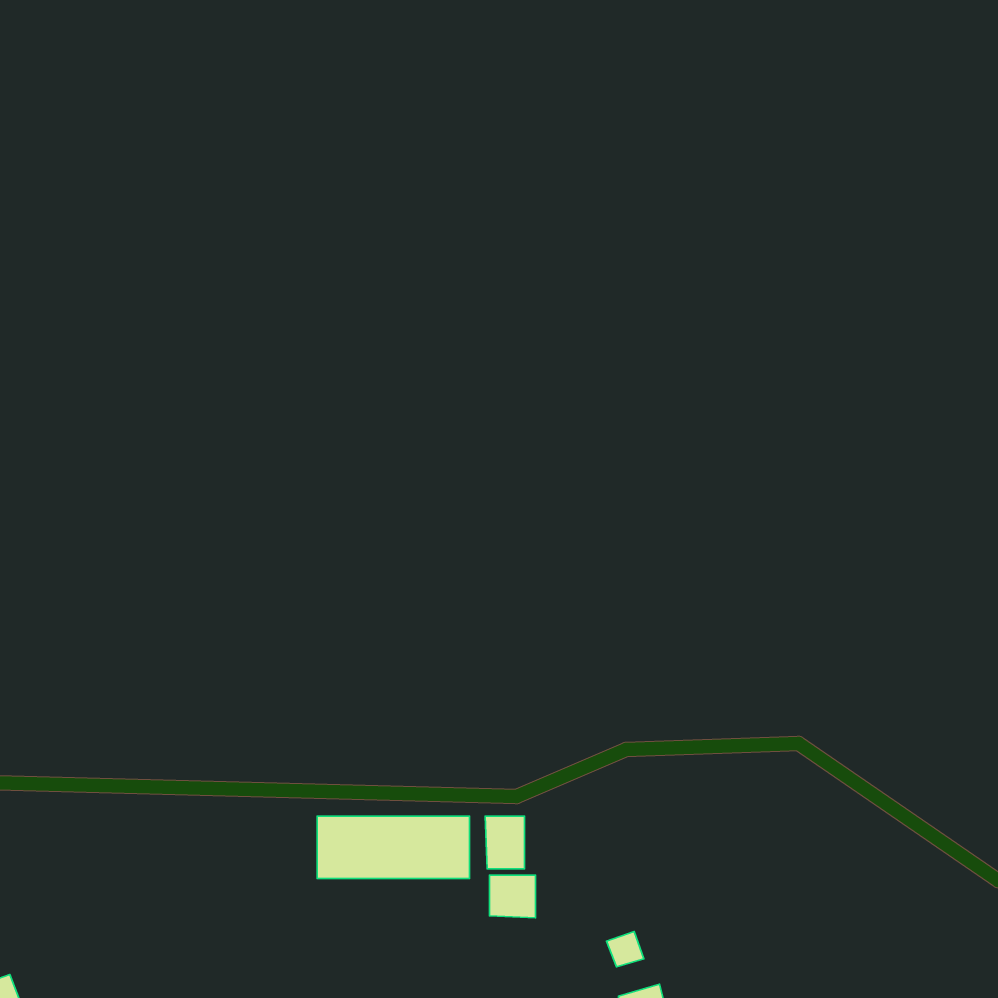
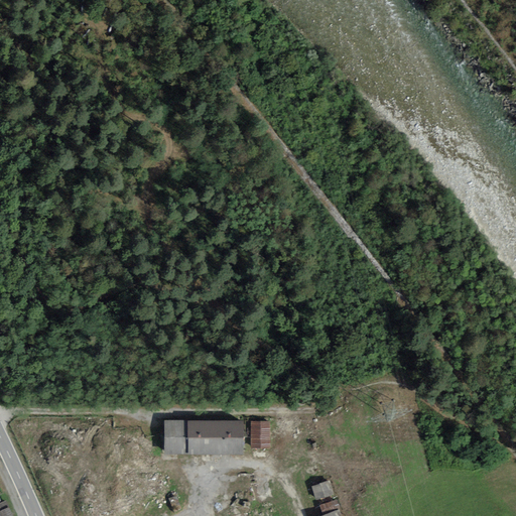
building: [490,875,535,918] -> none

